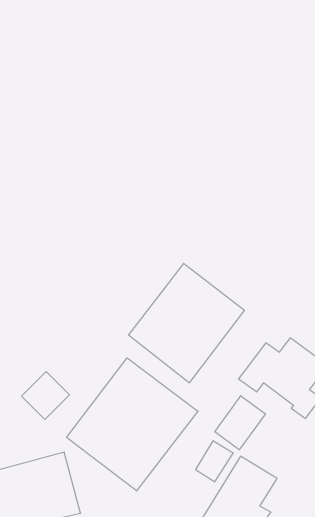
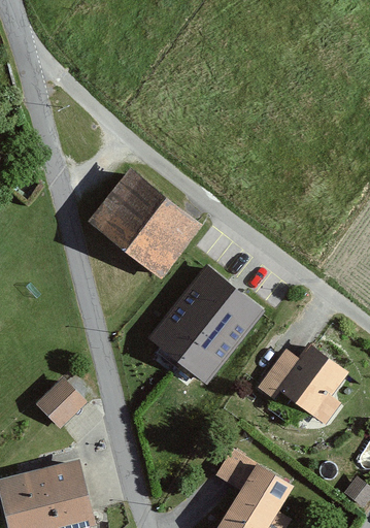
building: none -> [86,167,203,280]
building: [67,358,198,491] -> none
building: [215,396,265,450] -> none

